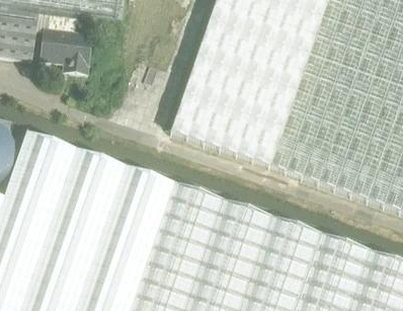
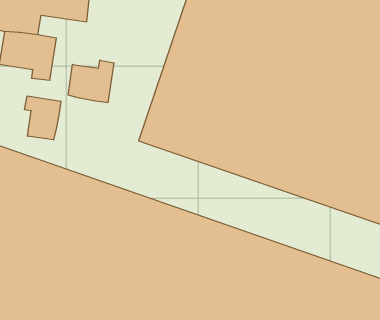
building: none -> [68,60,114,103]
building: none -> [24,96,61,140]

